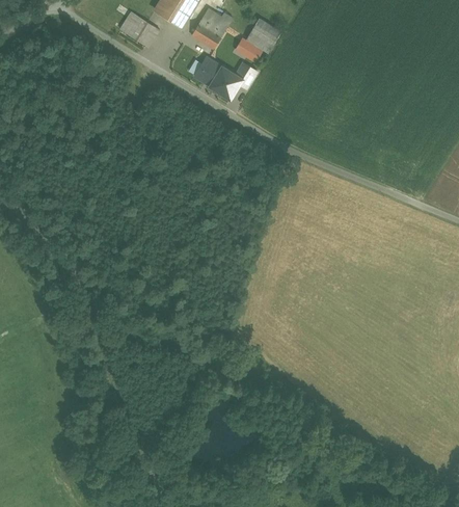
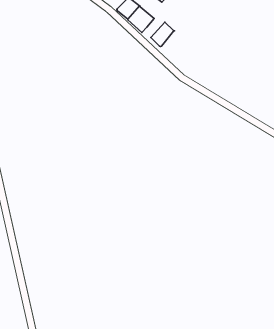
building: none -> [151,22,175,47]

